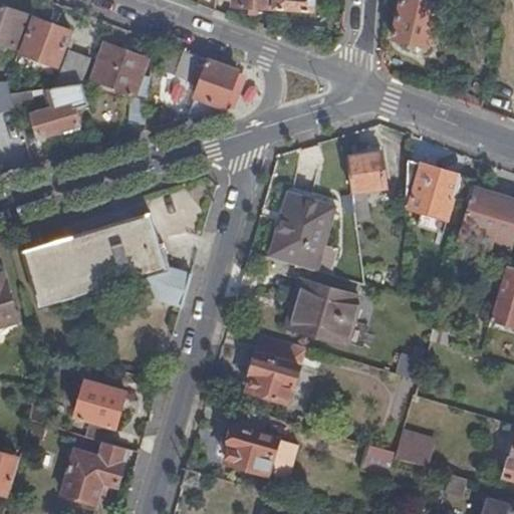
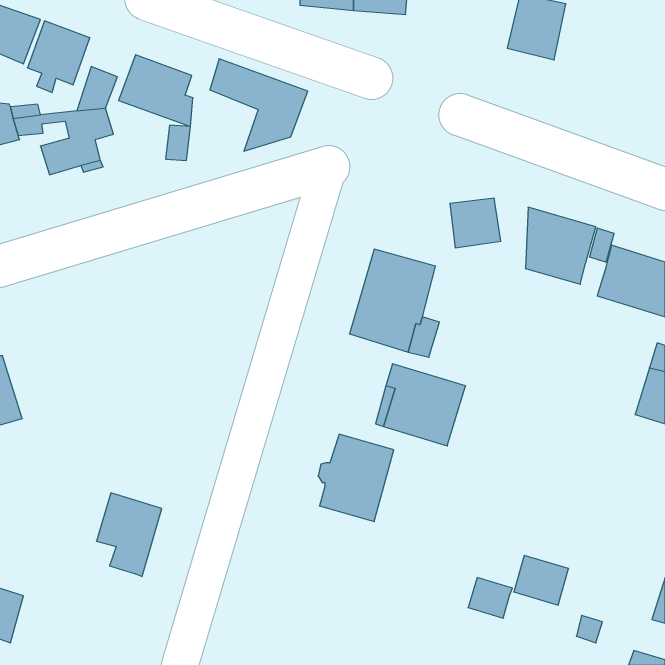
building: [23,213,190,307] -> none
building: [226,426,297,480] -> none
building: [61,442,127,504] -> none

